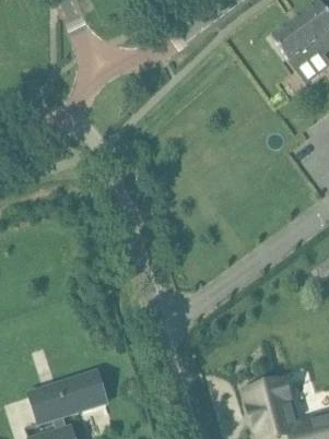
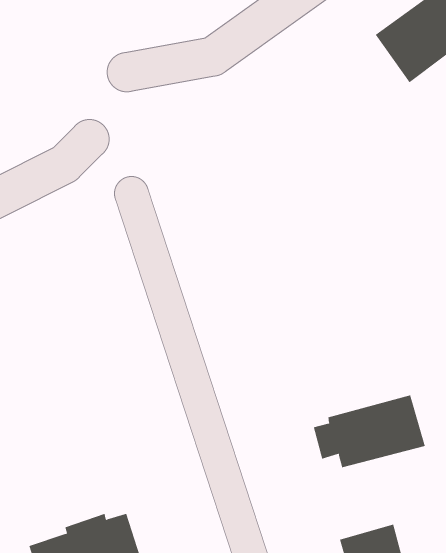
building: none -> [313,394,426,468]

